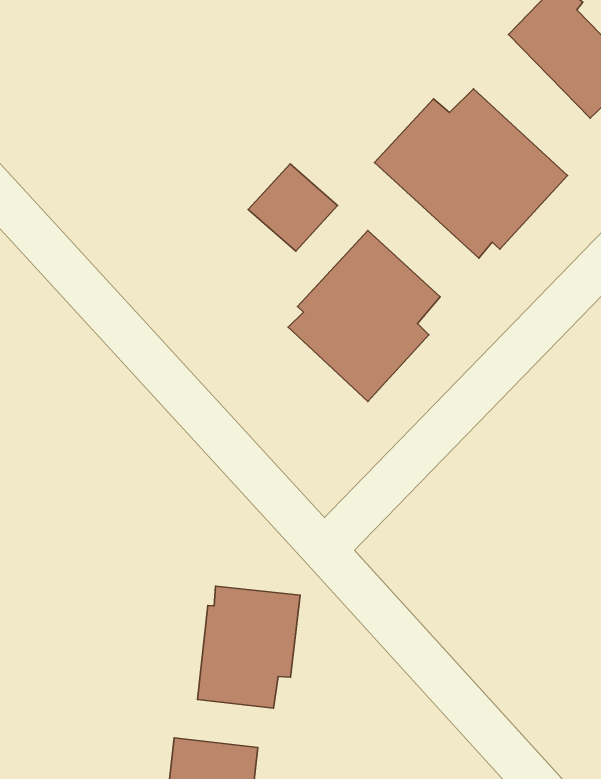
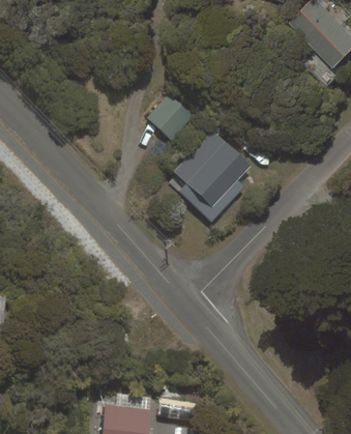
building: [374,89,567,258] -> none
building: [197,586,300,708] -> none

